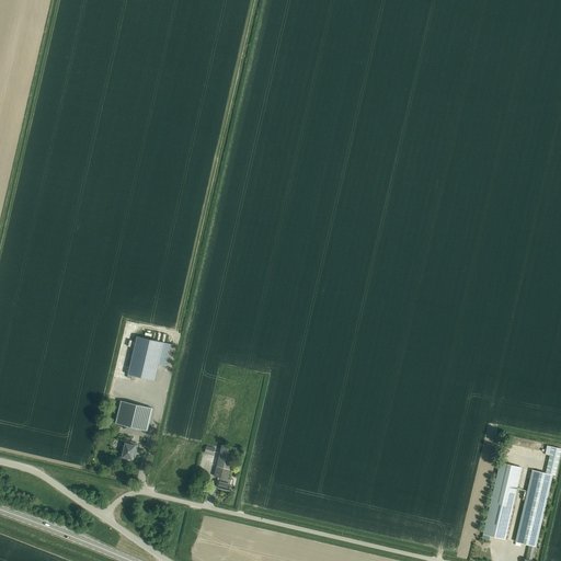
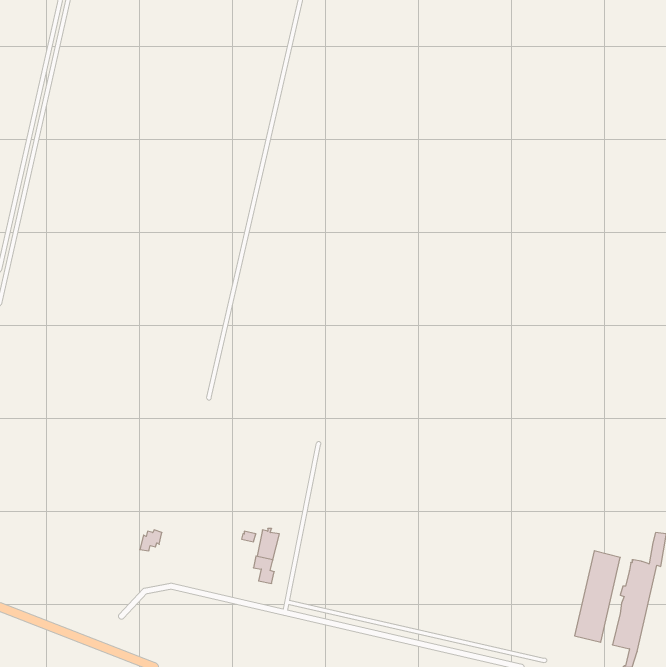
building: [126,336,170,380] -> none
building: [114,401,151,431] -> none

